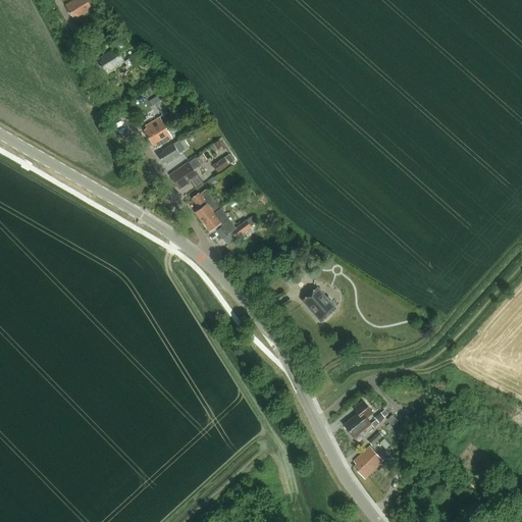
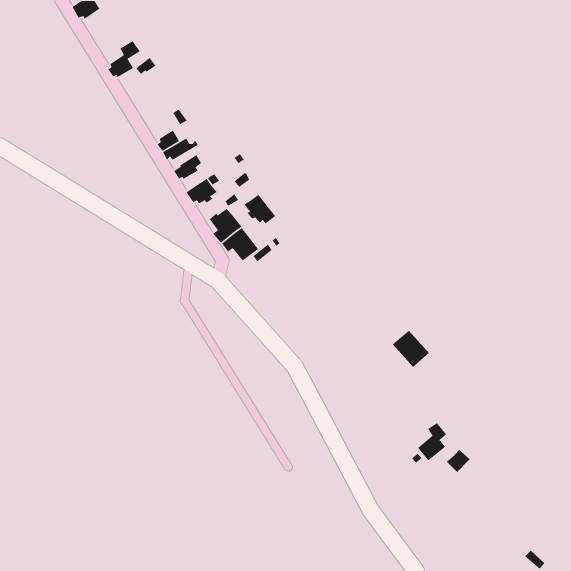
building: none -> [243,194,276,224]
building: [301,286,335,321] -> [392,330,430,368]
building: [344,401,371,436] -> [417,422,447,461]
building: [353,447,382,478] -> none

